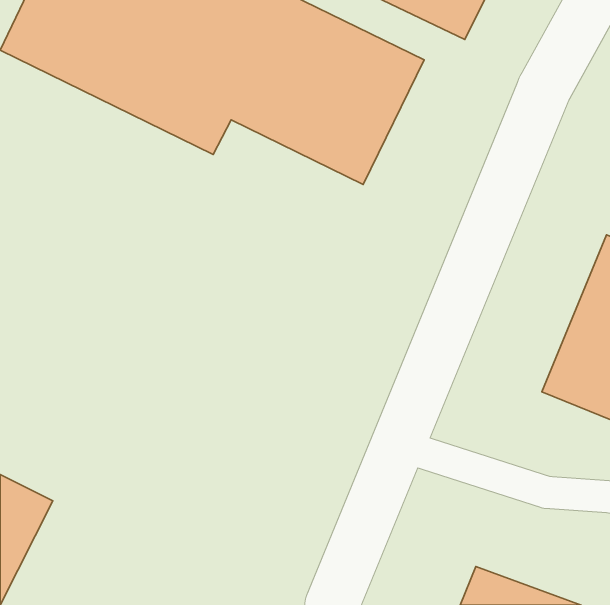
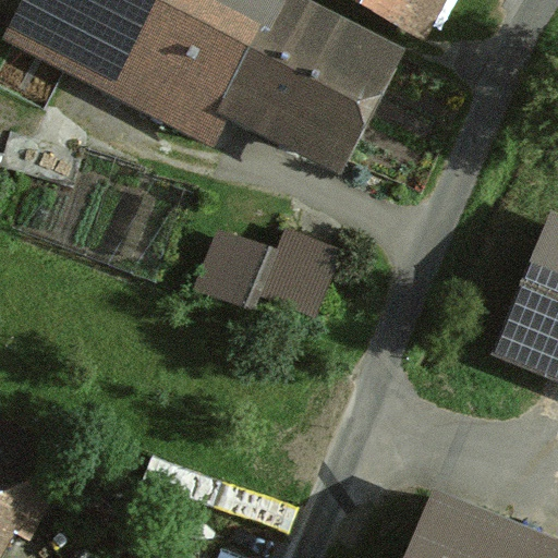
building: none -> [203,214,349,313]

